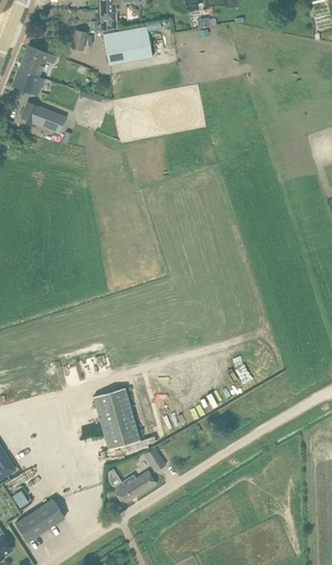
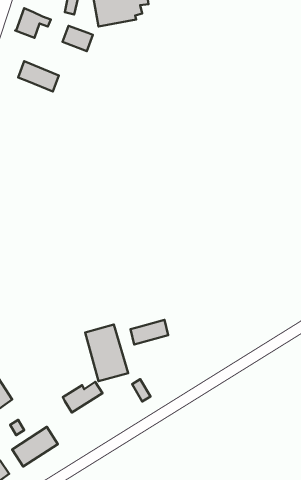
building: [11,68,44,96] -> [62,26,93,51]
building: none -> [131,320,168,344]
building: [113,471,156,504] -> [63,382,102,412]

